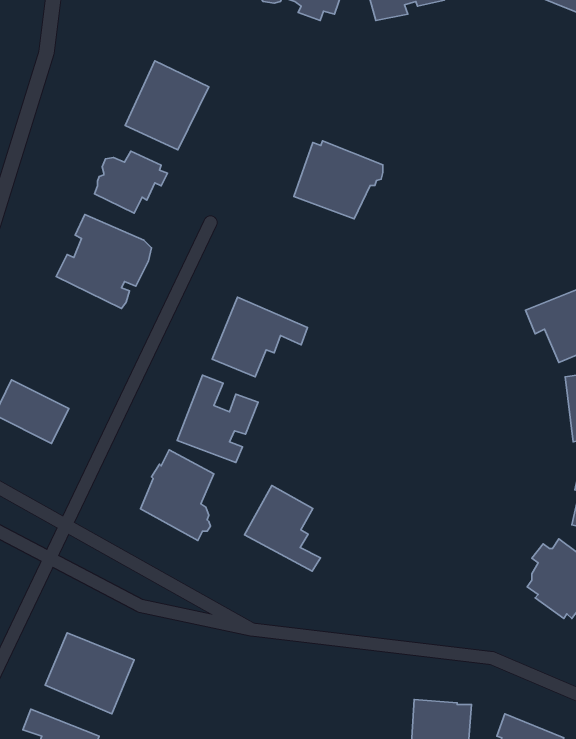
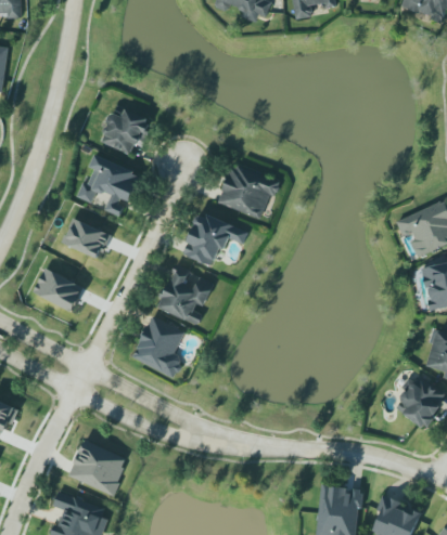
building: [125,61,209,150] -> none
building: [294,141,383,219] -> [218,165,279,218]
building: none -> [63,218,112,259]
building: [244,486,321,571] -> none

